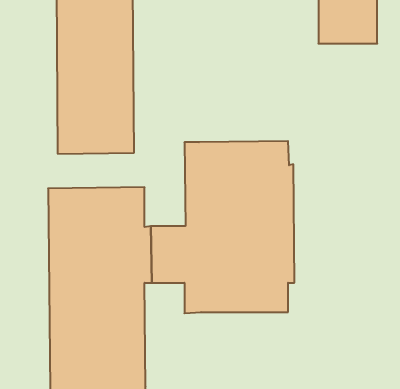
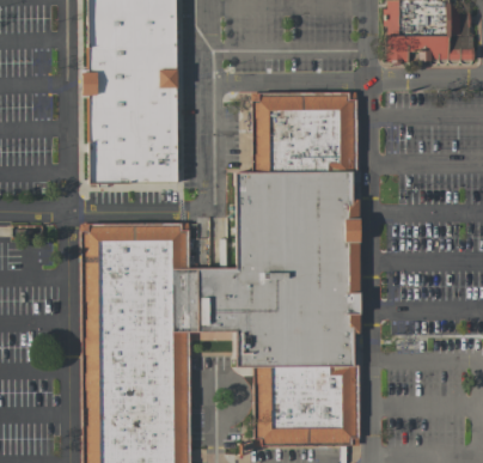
building: none -> [252,90,357,170]
building: none -> [255,364,361,445]

